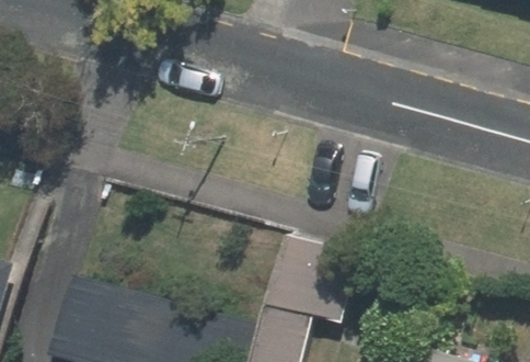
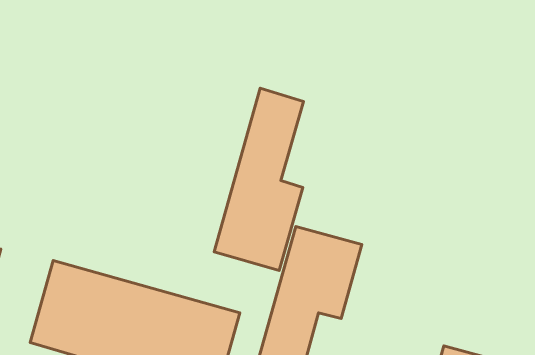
building: none -> [214,88,303,270]

